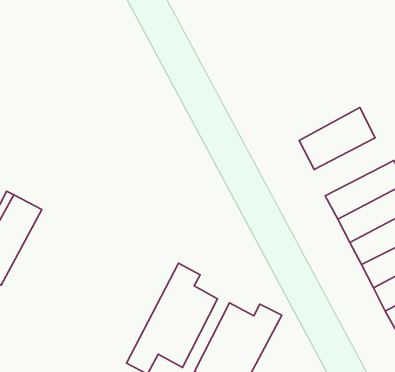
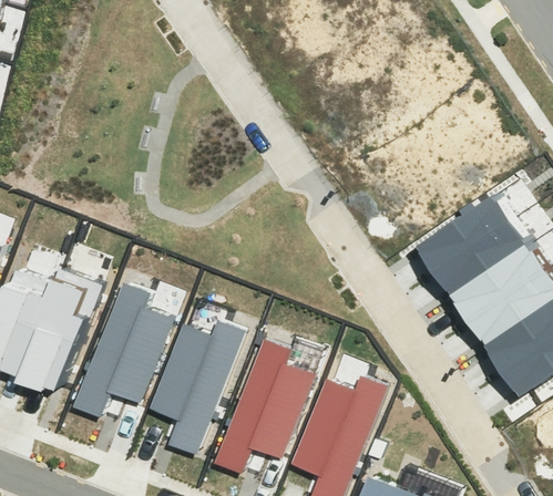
building: [299,107,375,170] -> none
building: none -> [73,286,172,417]
building: none -> [152,321,246,453]

